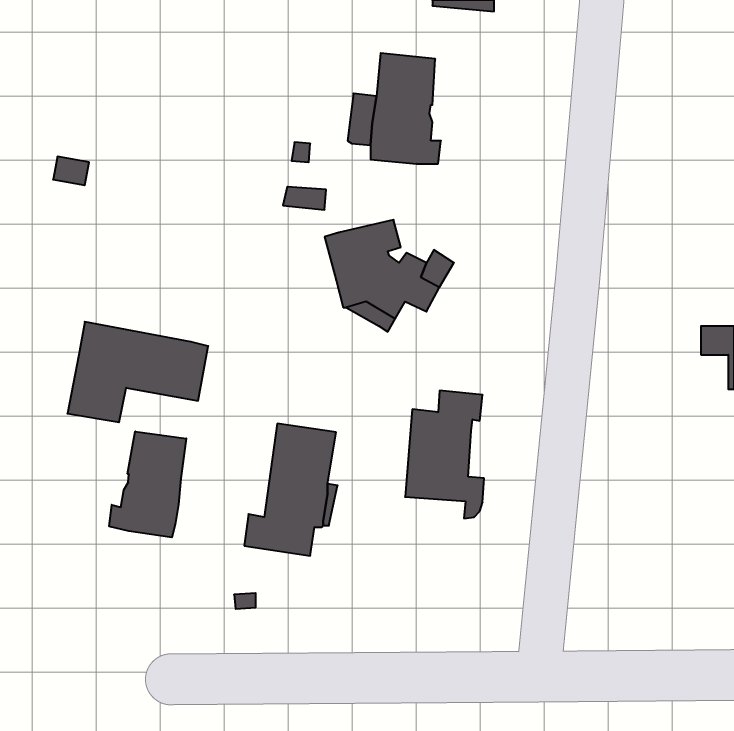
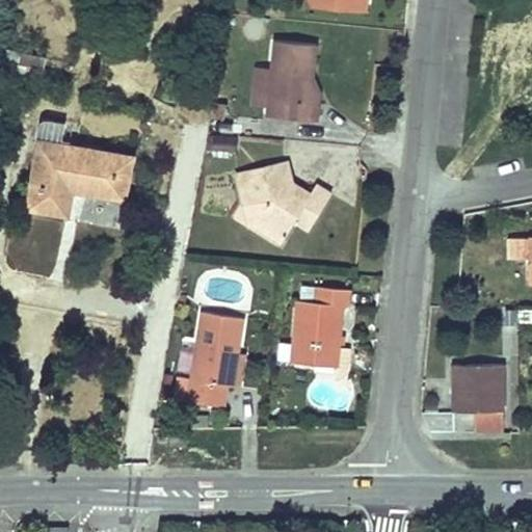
building: [67,322,208,422] -> [28,144,130,217]
building: [109,431,186,537] -> none
building: none -> [452,366,504,433]

